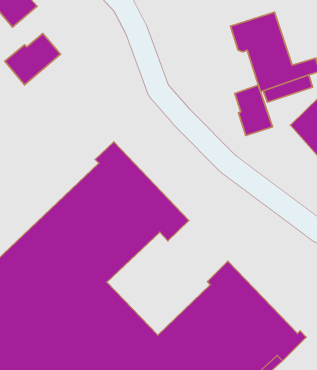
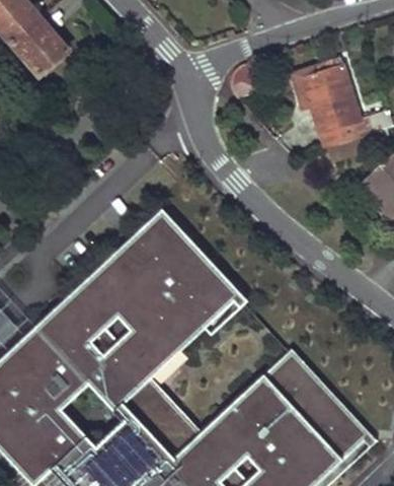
building: [5,34,60,85] -> none
building: [235,85,272,136] -> none

